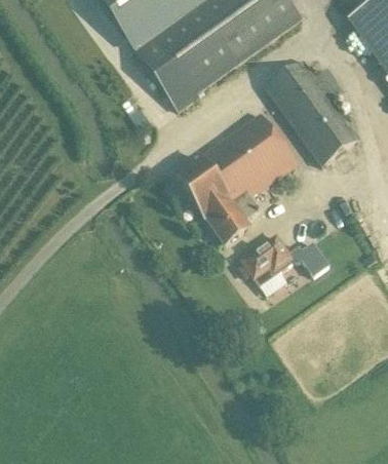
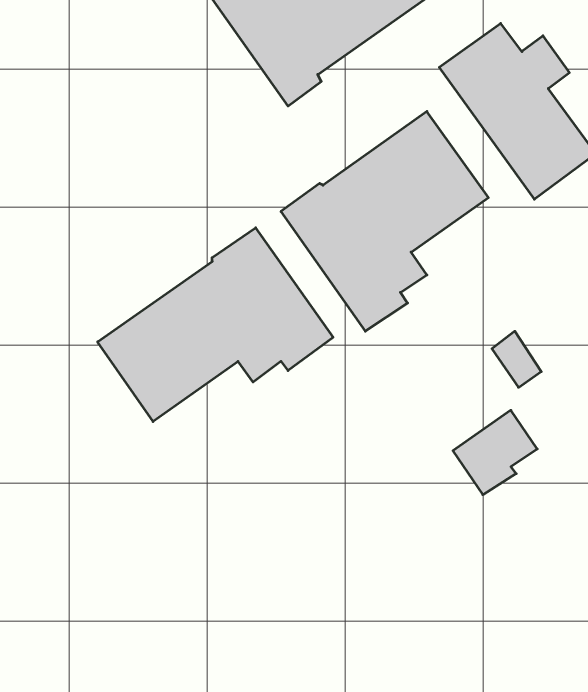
building: none -> [98,228,333,422]
building: [241,233,290,282] -> [453,410,537,495]

